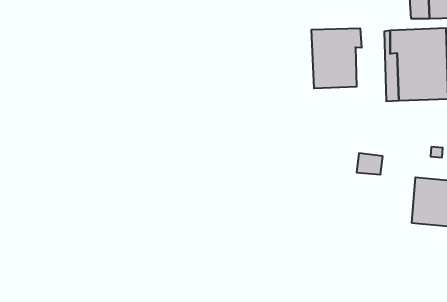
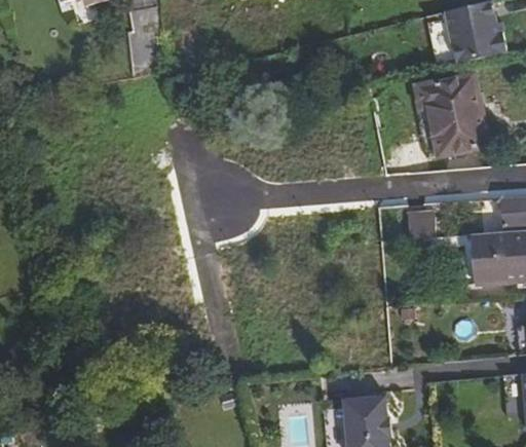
building: [312,28,362,88] -> none

